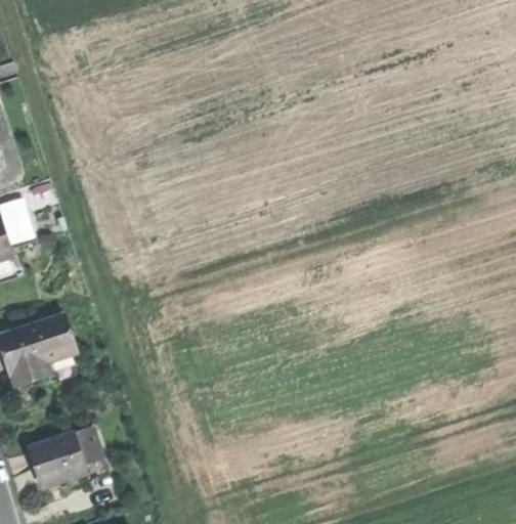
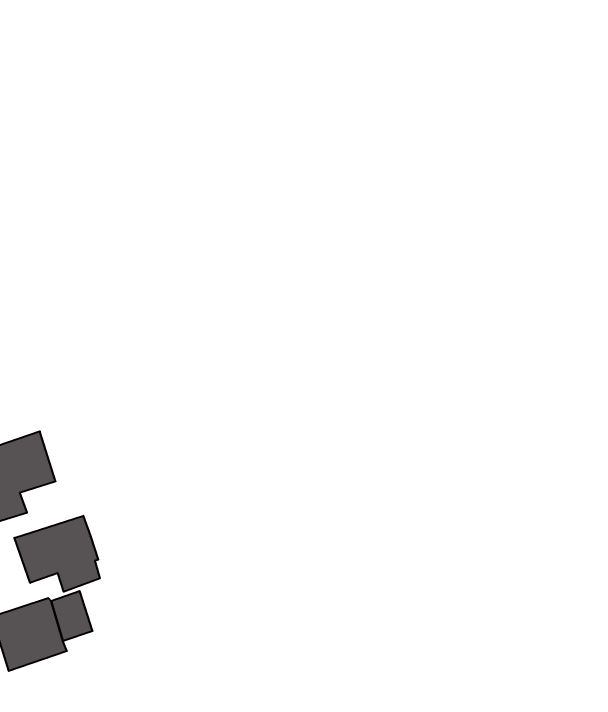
building: none -> [14,516,100,592]

